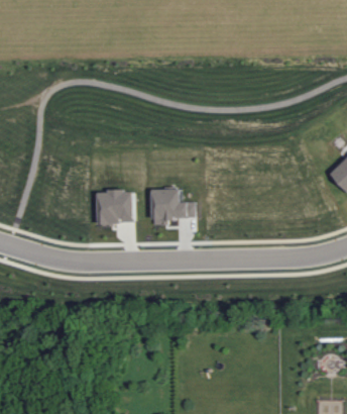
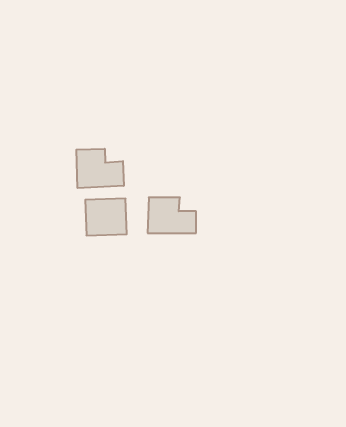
building: none -> [76,149,124,188]

